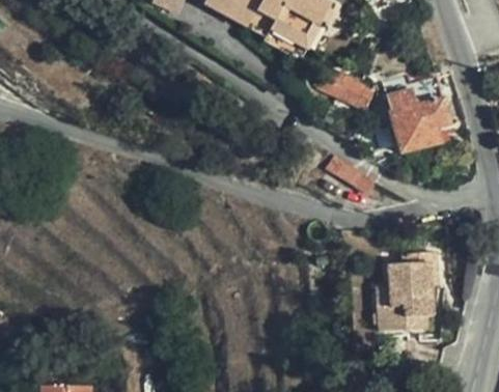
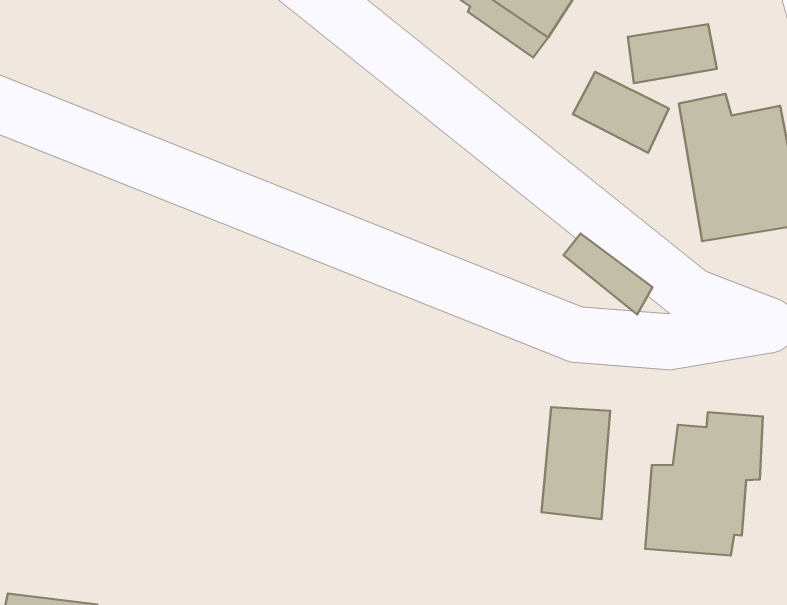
building: none -> [628,24,717,83]
building: none -> [541,407,610,519]

